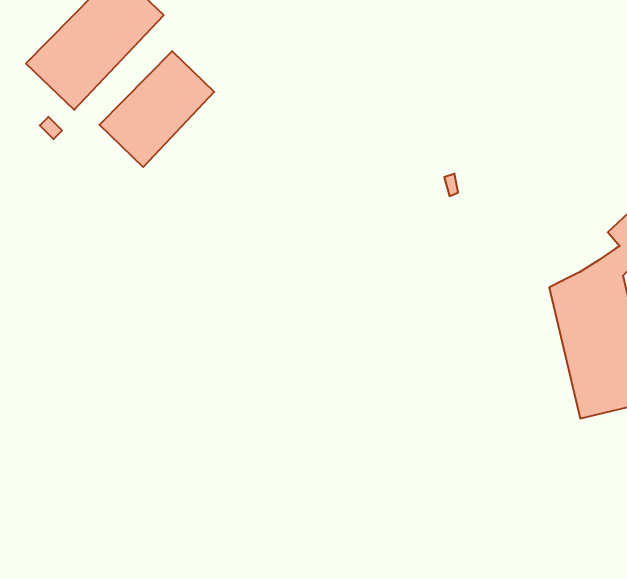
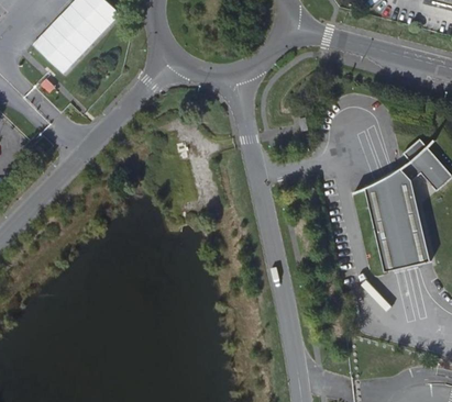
building: [99,51,214,167] -> none

